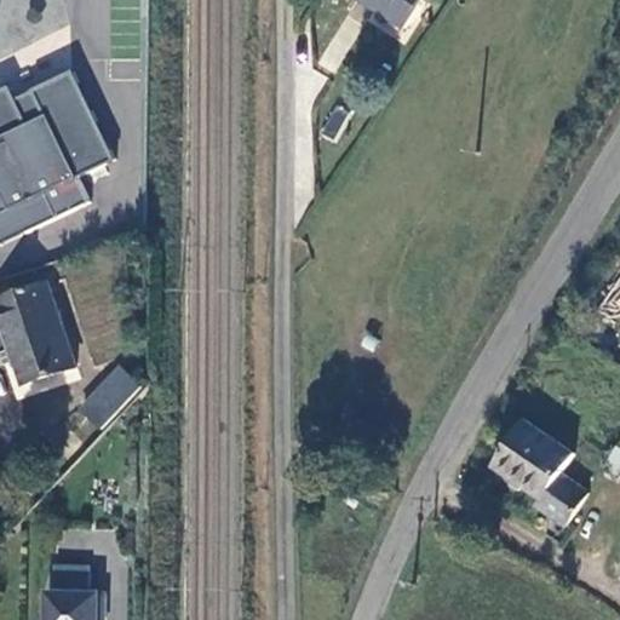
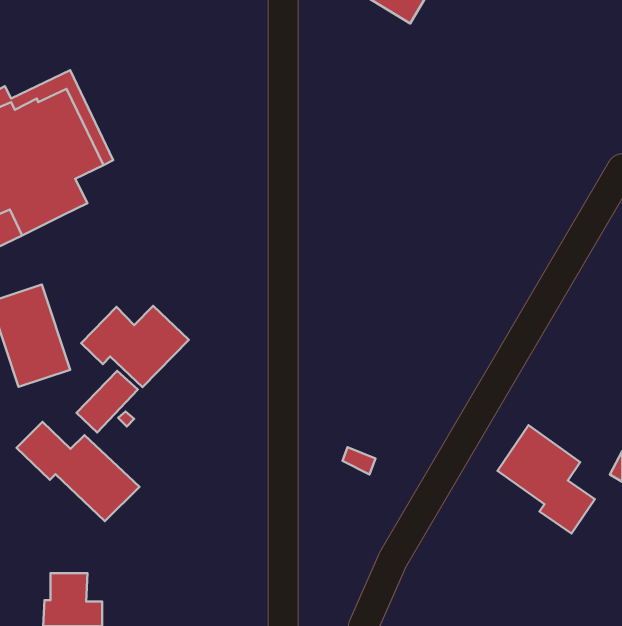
building: none -> [81,306,189,387]
building: none -> [17,422,140,521]

